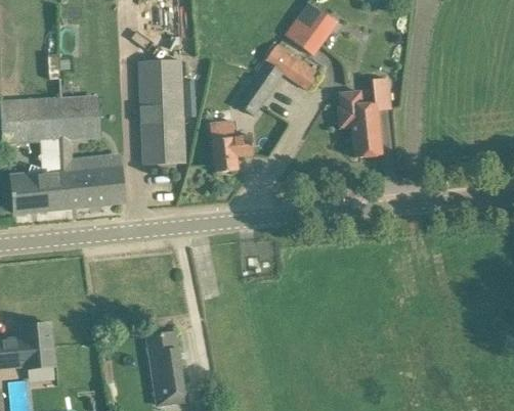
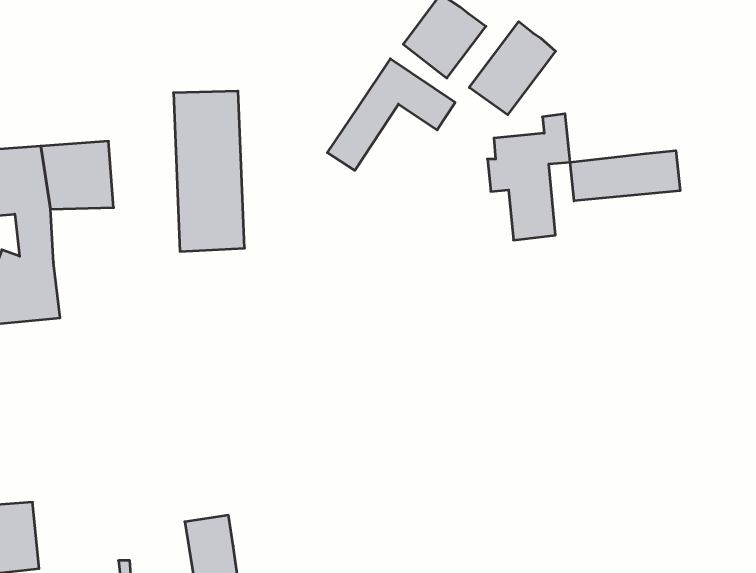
building: none -> [469,22,556,115]
building: none -> [570,151,680,201]
building: [210,121,253,172] -> none
building: [63,167,121,207] -> none

